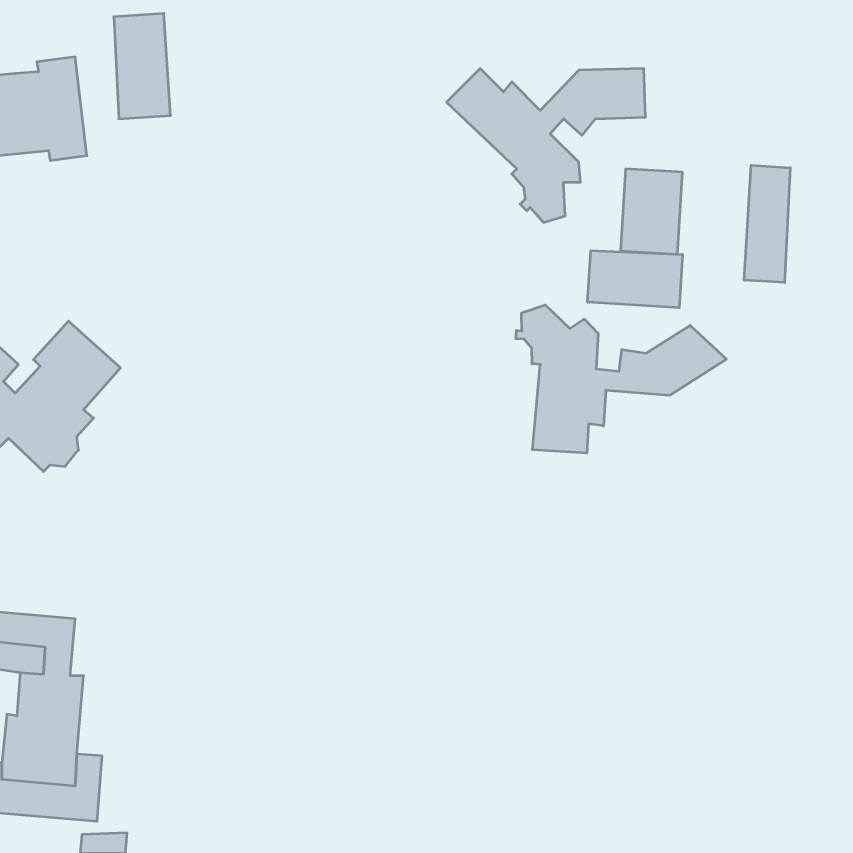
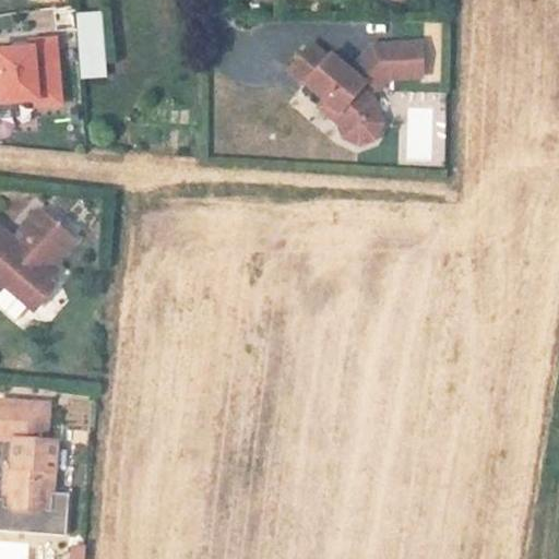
building: [744,165,790,283] -> none
building: [588,251,682,308] -> none
building: [516,305,726,453] -> none

